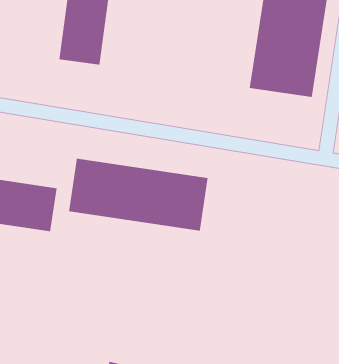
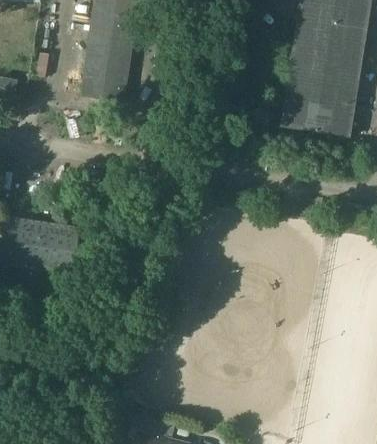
building: [68,158,208,232] -> none

